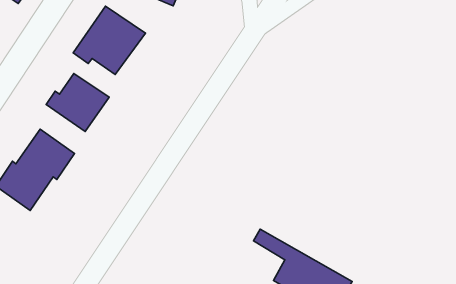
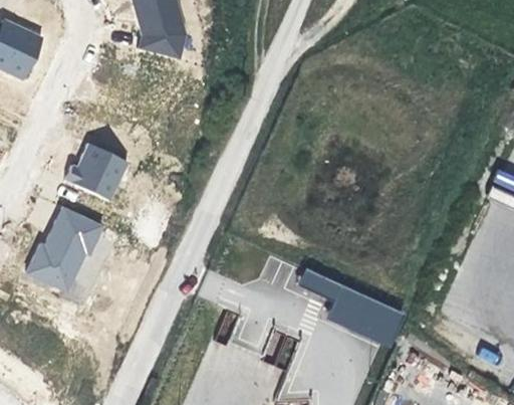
building: [73,6,145,75] -> none

